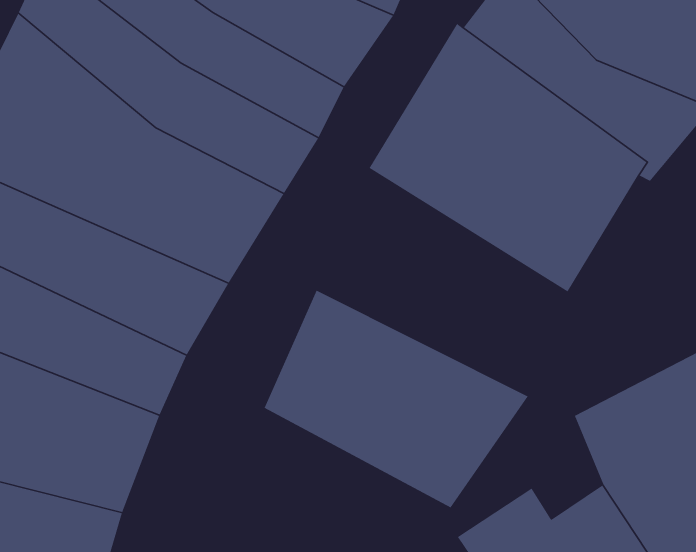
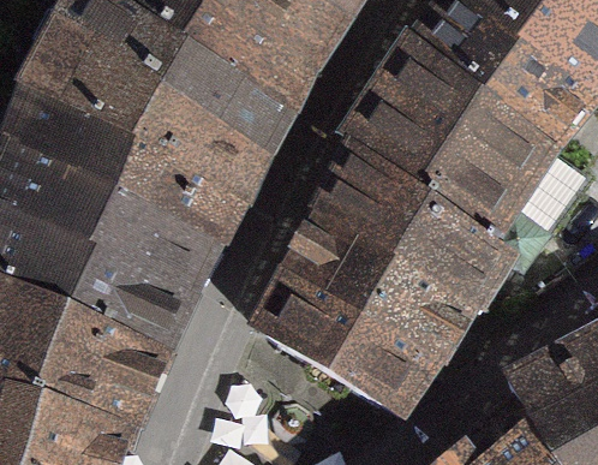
building: none -> [293,153,506,335]

